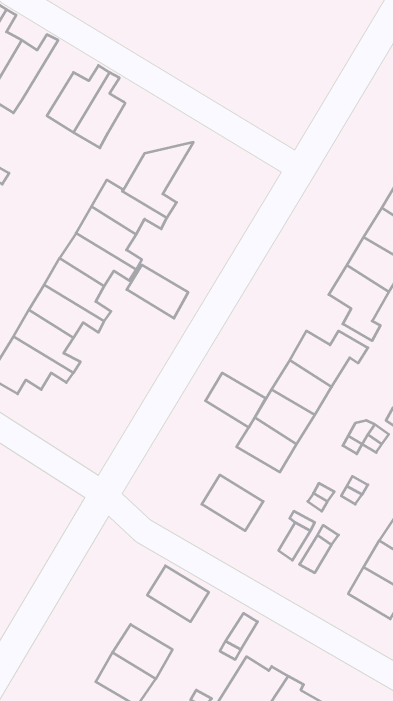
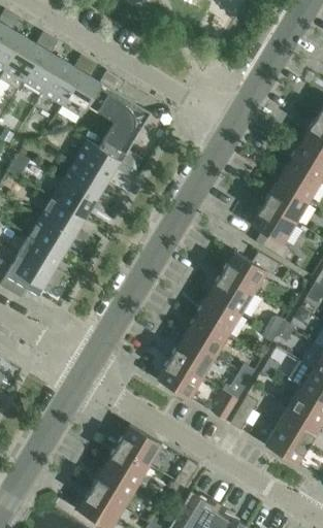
building: none -> [24,37,62,93]
building: none -> [88,71,151,121]
building: [127,265,188,318] -> none
building: [205,373,265,427] -> [170,337,215,377]
building: none -> [104,447,149,487]

